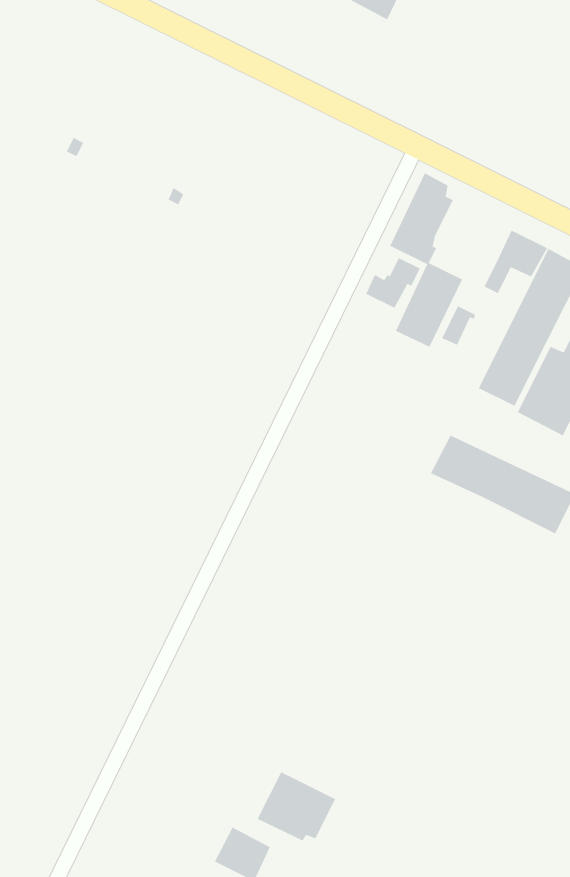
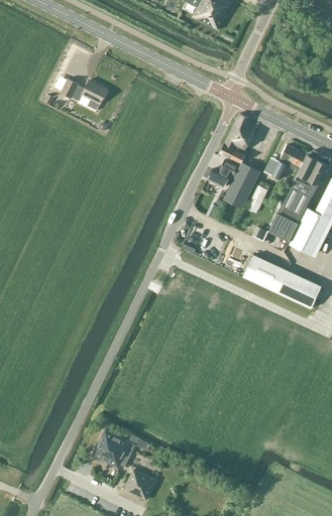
building: none -> [62,79,108,110]
building: [257,771,336,841] -> [93,429,136,468]

